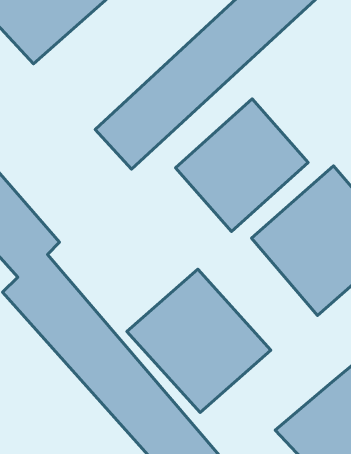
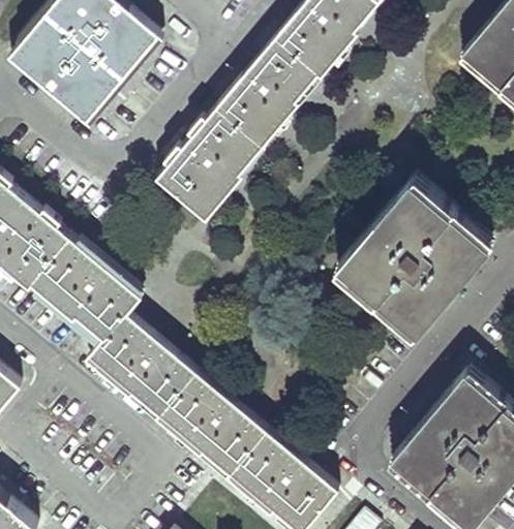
building: [175,99,308,232] -> none
building: [127,269,271,413] -> none

